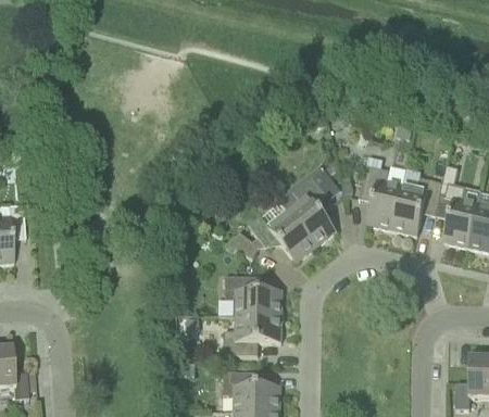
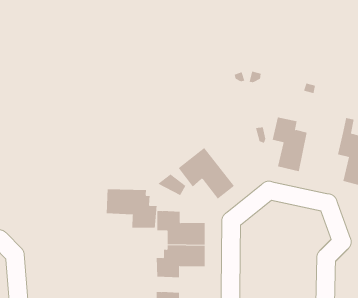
building: [279,173,336,245] -> none
building: [392,176,443,235] -> none
building: none -> [106,189,157,228]

